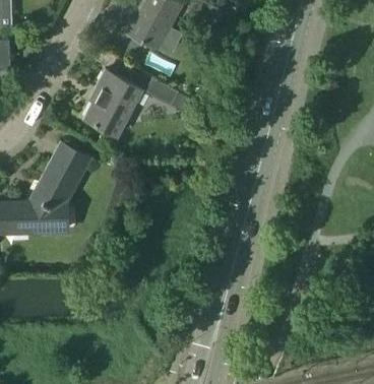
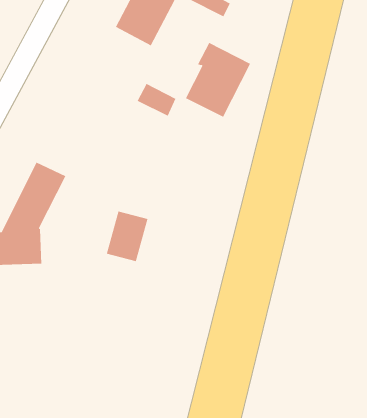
building: [86,71,142,135] -> [185,42,251,118]
building: none -> [106,210,149,262]

